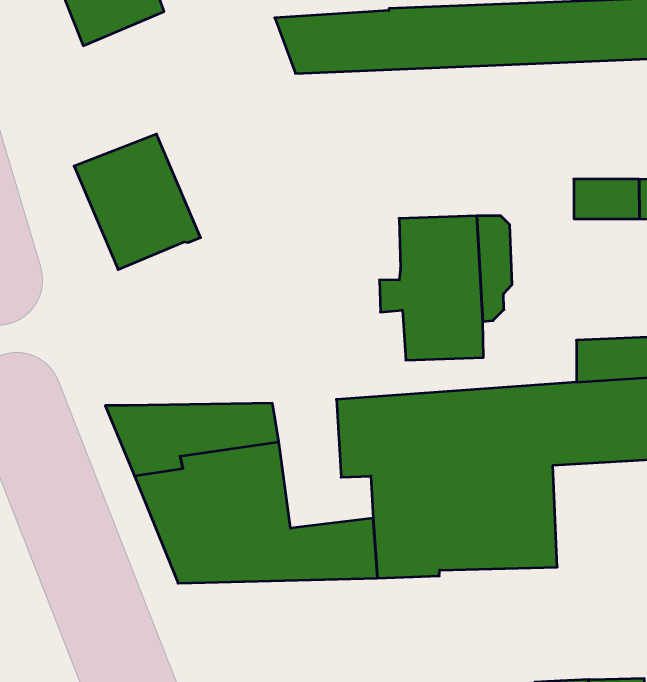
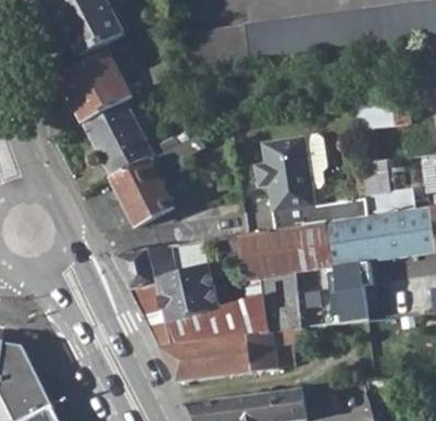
building: none -> [60,51,133,123]
building: none -> [112,133,204,226]
building: none -> [161,329,306,382]

